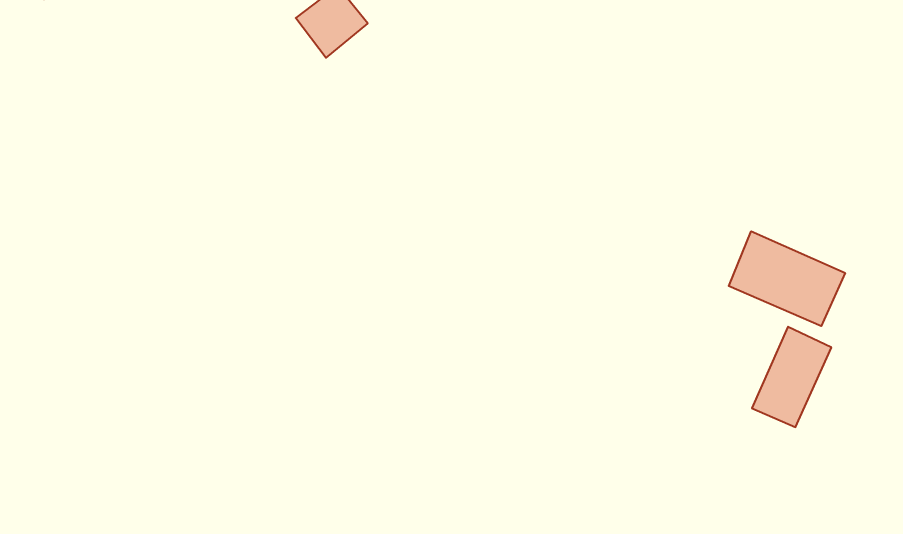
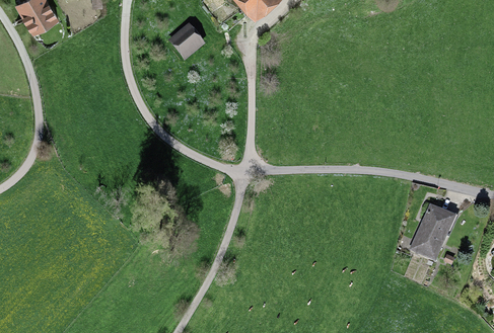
building: [729,231,845,326] -> none

